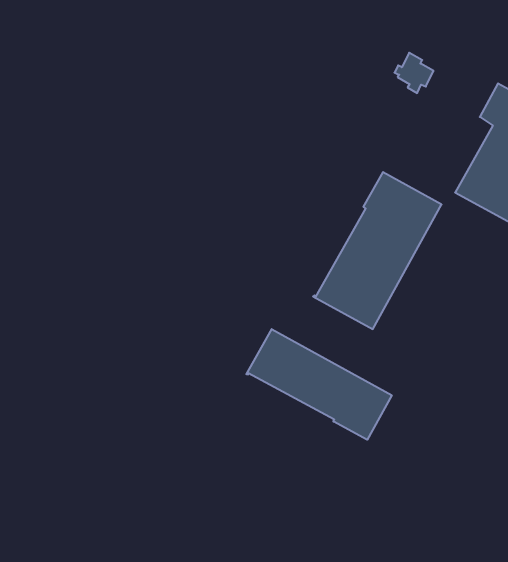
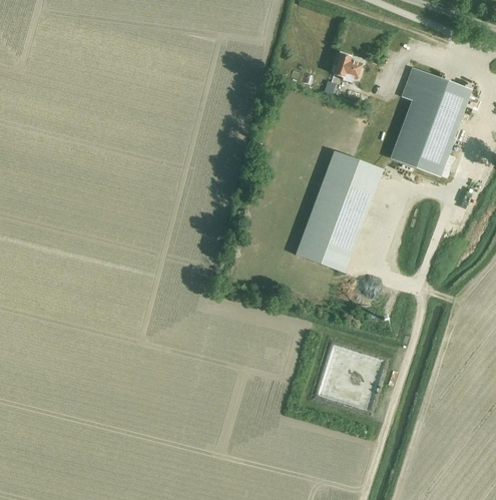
building: [246,329,392,440] -> none

